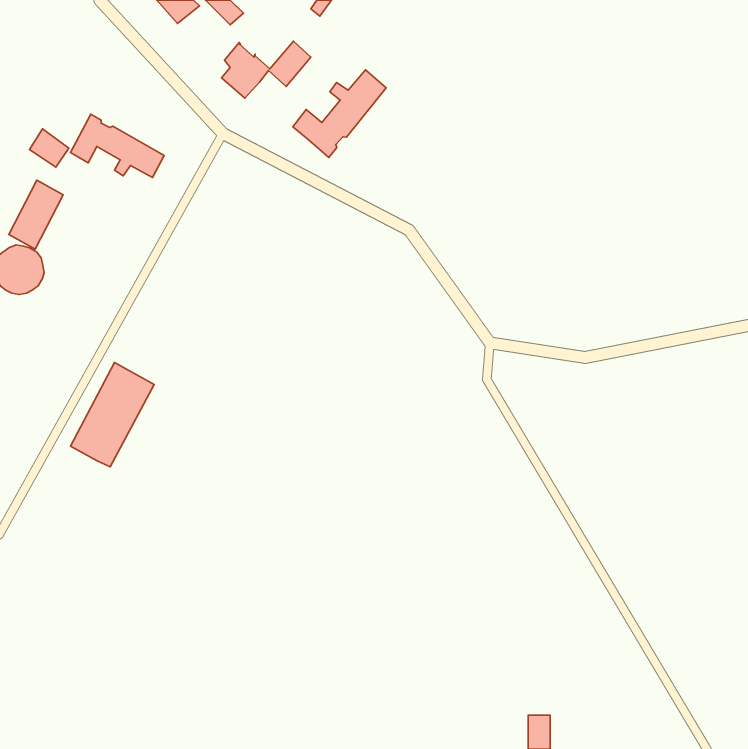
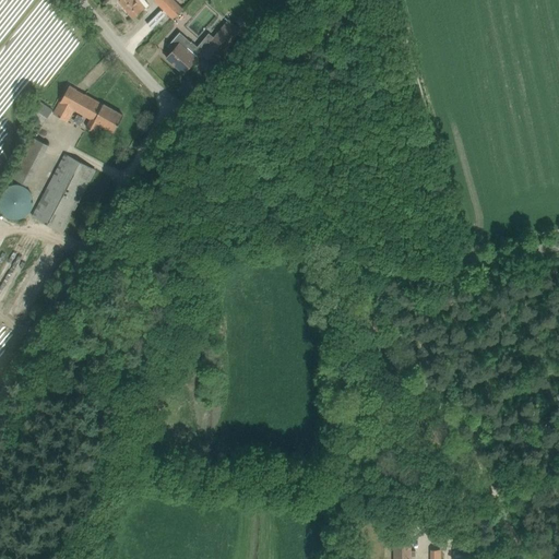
building: [293,70,386,157] -> none
building: [71,363,154,467] -> [32,154,94,231]

